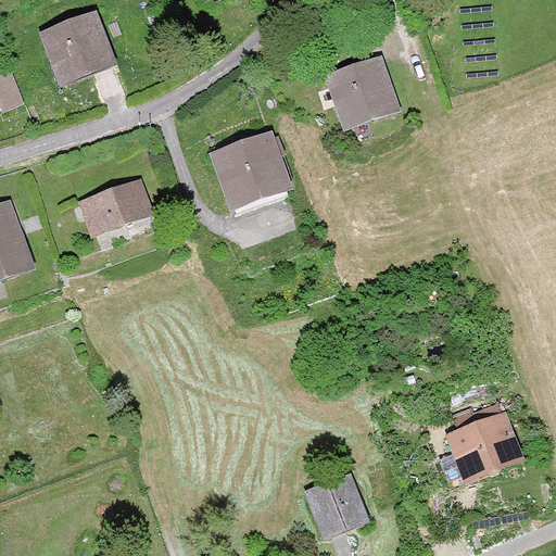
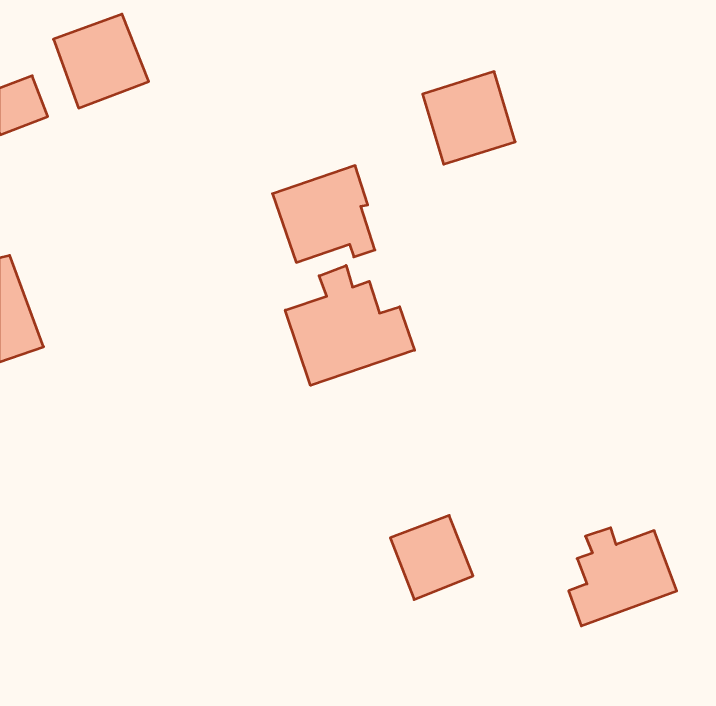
building: [78,177,154,233] -> none
building: none -> [285,265,415,385]
building: [305,475,369,540] -> [390,515,473,600]

